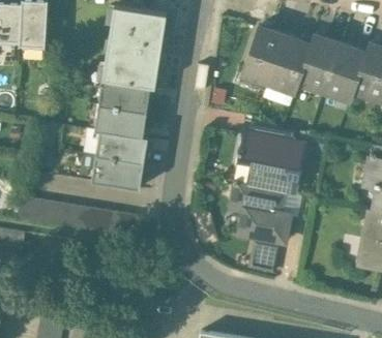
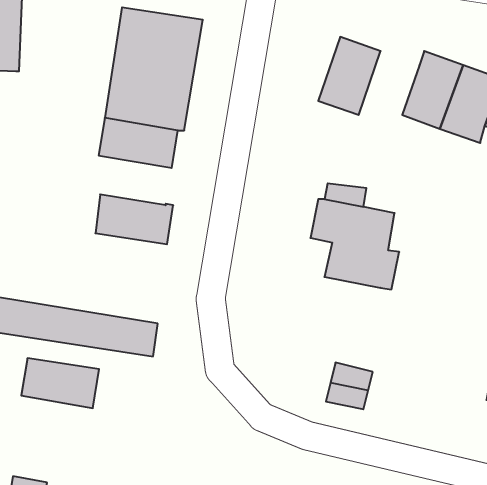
building: [271,36,312,87] -> none
building: [94,105,147,139] -> none
building: [92,157,144,190] -> [21,358,99,408]
building: [232,183,289,243] -> none

